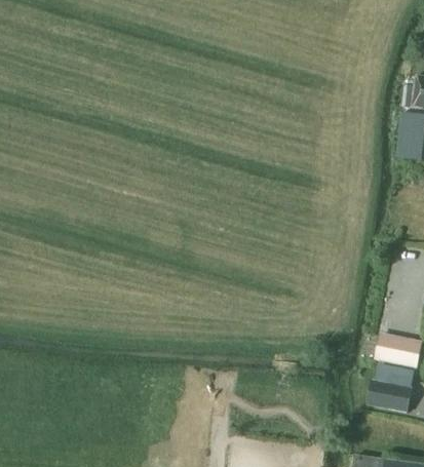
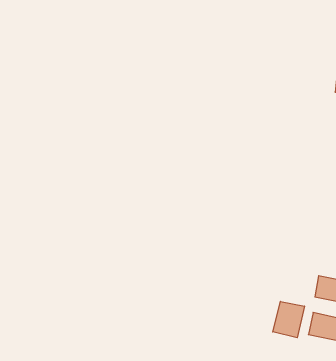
building: none -> [273,301,304,338]

